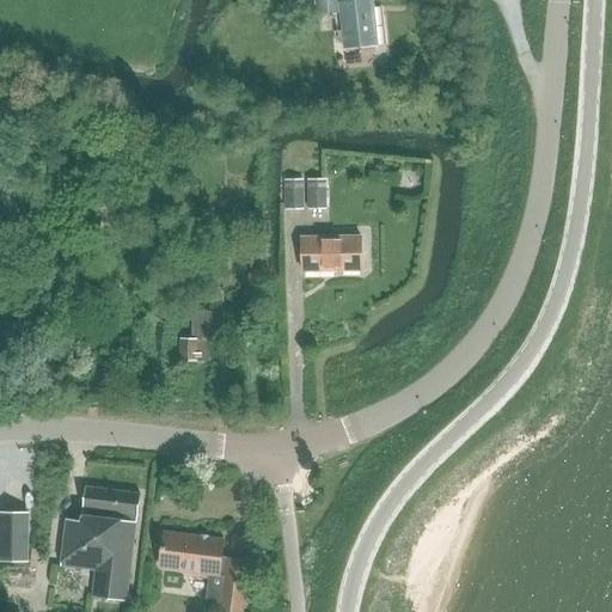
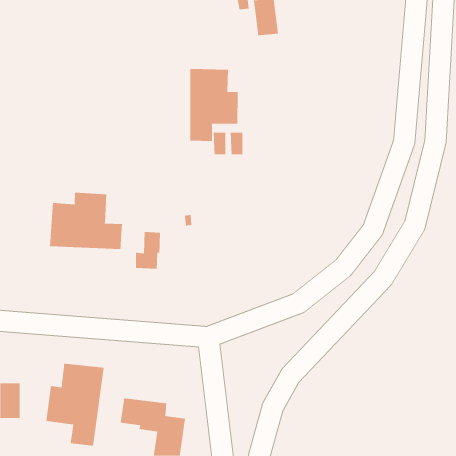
building: none -> [190,68,238,142]
building: [301,235,362,270] -> none
building: none -> [50,192,123,250]

